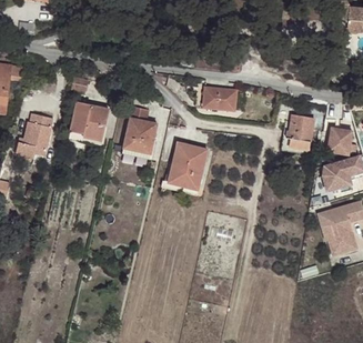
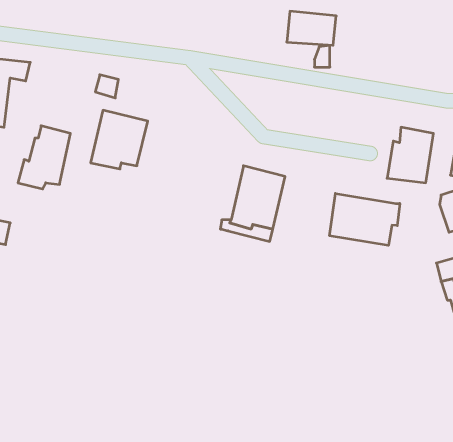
building: [202,85,238,110] -> [287,11,336,45]
building: [122,105,158,159] -> none
building: none -> [330,193,400,245]

